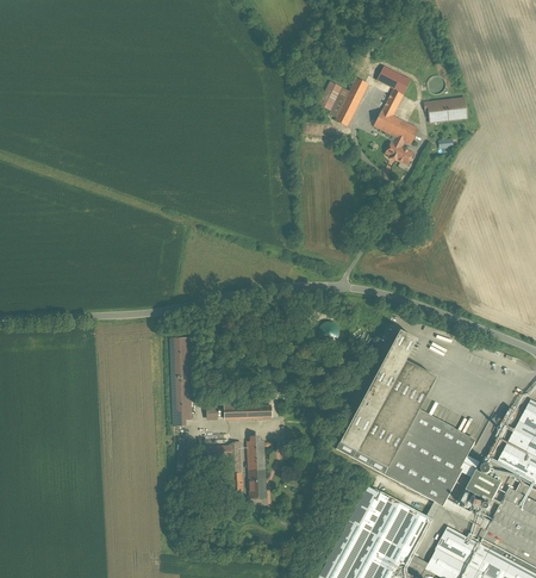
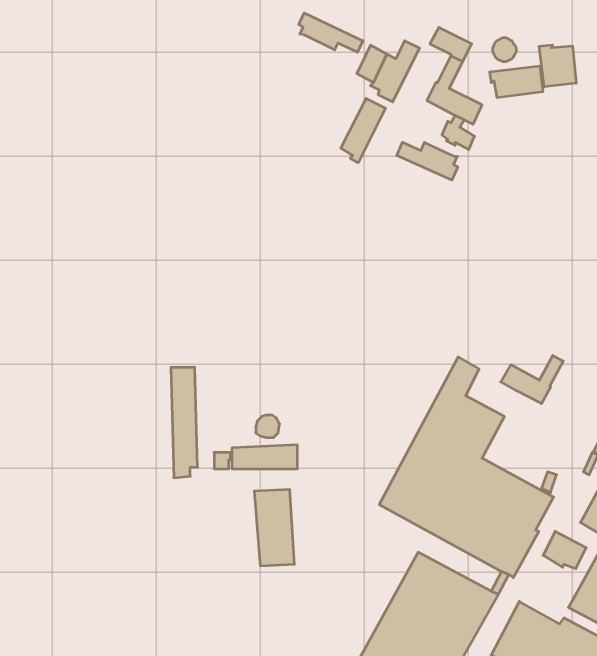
building: none -> [299,13,363,52]
building: none -> [539,45,576,87]
building: none -> [341,98,385,163]
building: none -> [397,142,458,180]
building: none -> [501,355,563,404]

